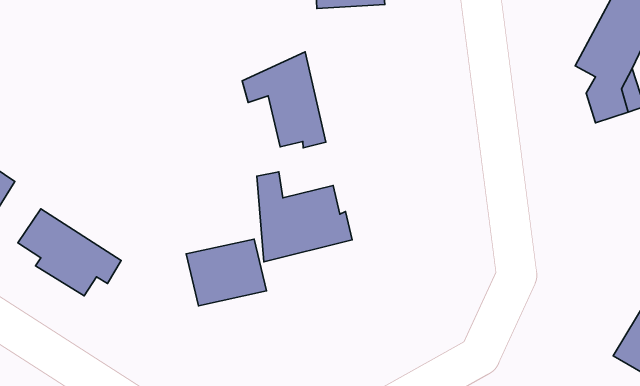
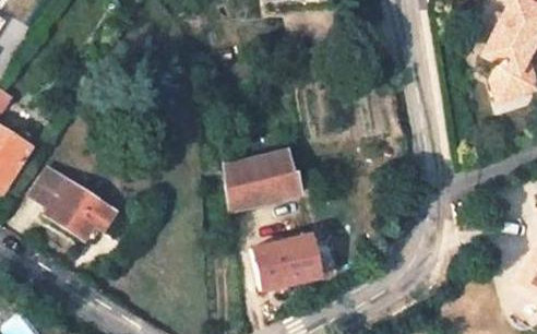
building: [242,52,326,148] -> none
building: [186,239,266,306] -> [255,235,320,288]

